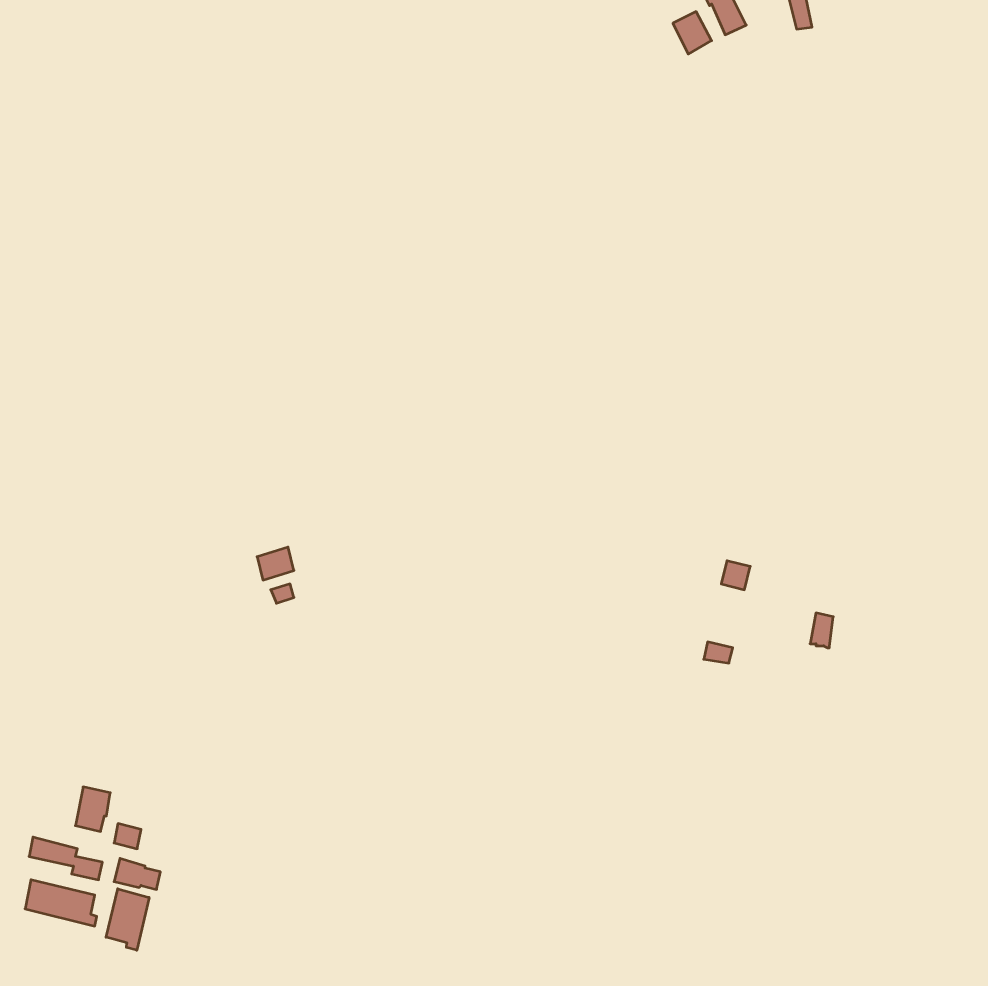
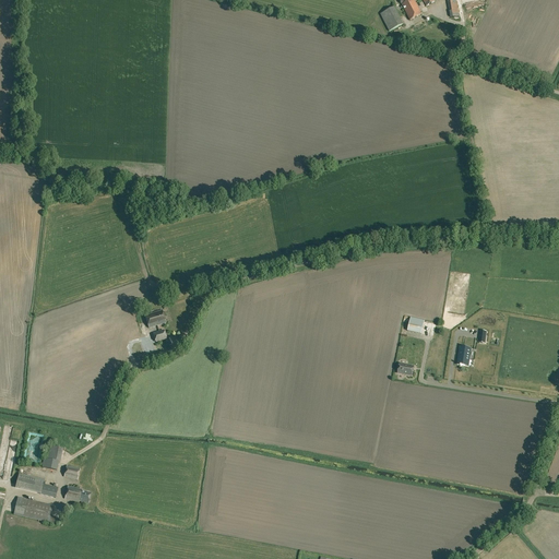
building: [106,889,149,950] -> none

